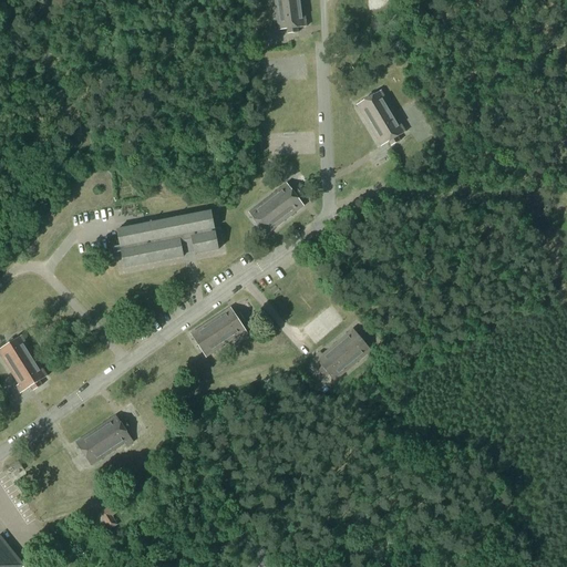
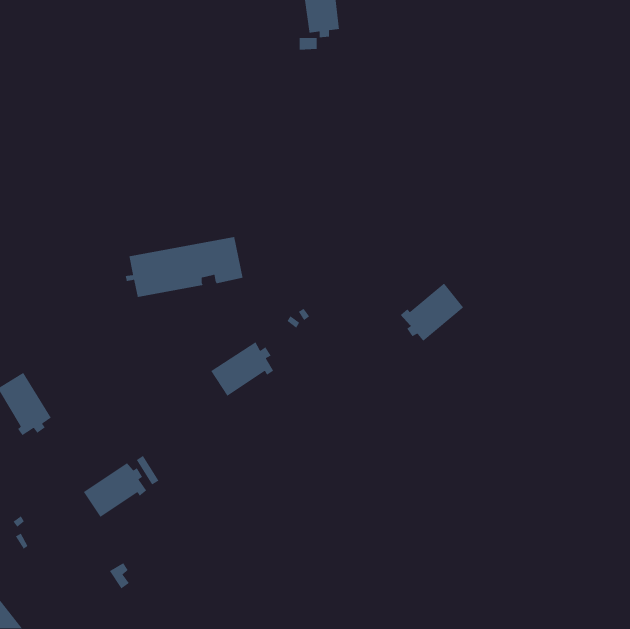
building: [357,94,406,150] -> none
building: [248,185,305,236] -> none
building: [311,327,369,380] -> [400,283,464,342]

